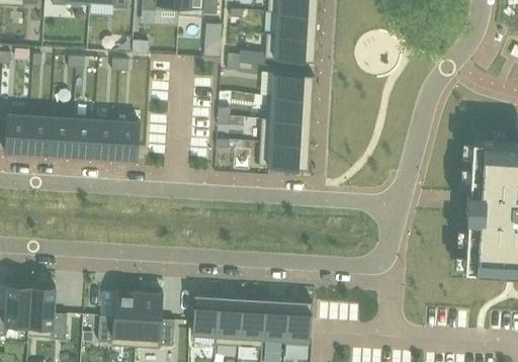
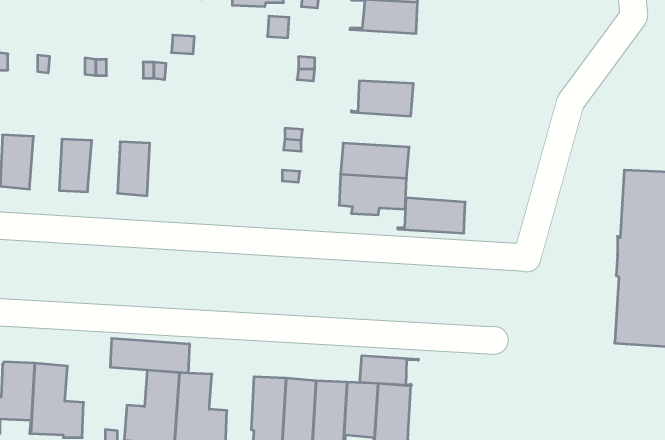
building: [263,35,315,63] -> none
building: [260,97,311,123] -> [398,198,465,233]
building: [25,115,50,156] -> none
building: [69,118,93,158] -> none
building: [113,120,139,161] -> none
building: none -> [111,338,189,373]
building: none -> [360,356,418,385]

